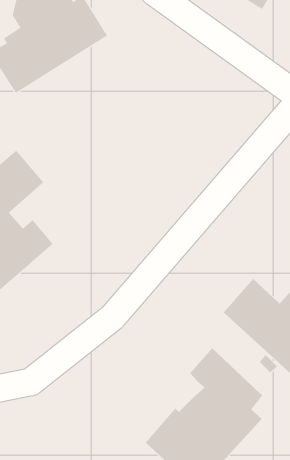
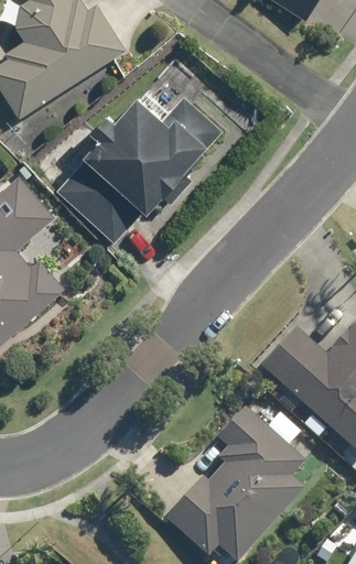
building: none -> [52,91,213,237]

